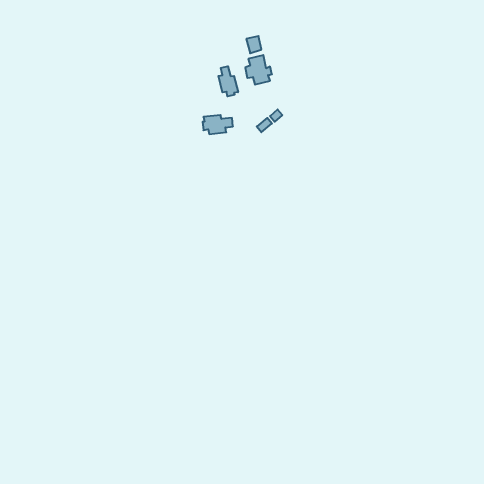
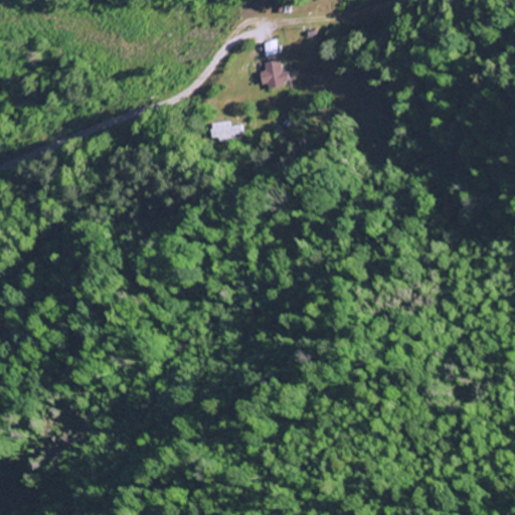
building: [218,66,238,96] -> none

